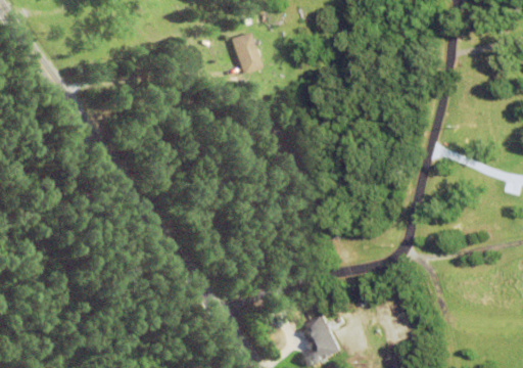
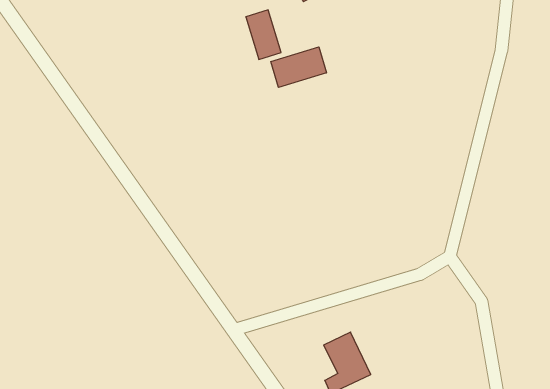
building: none -> [271,47,326,87]

